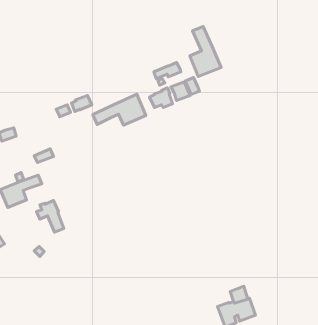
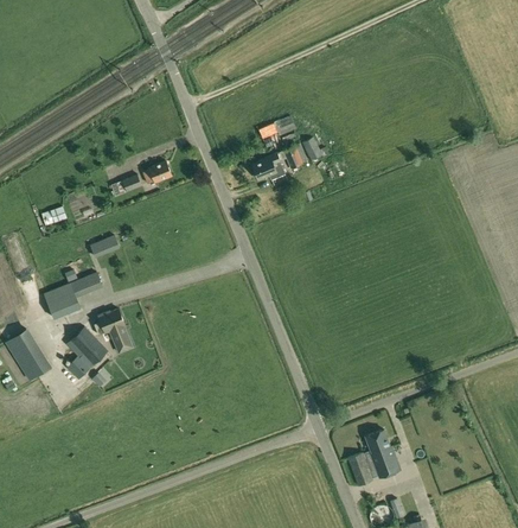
building: [190,26,221,76] -> none
building: [93,94,146,125] -> none
building: none -> [66,325,109,378]

